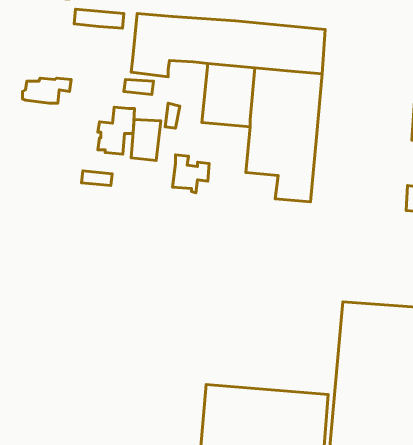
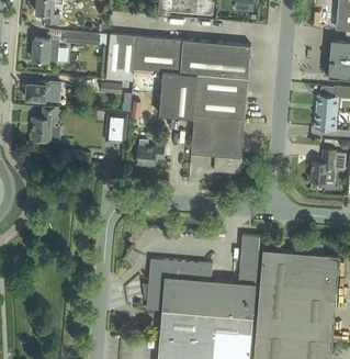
building: none -> [31,38,59,63]
building: [98,107,135,154] -> [31,106,58,142]
building: none -> [146,236,259,318]

